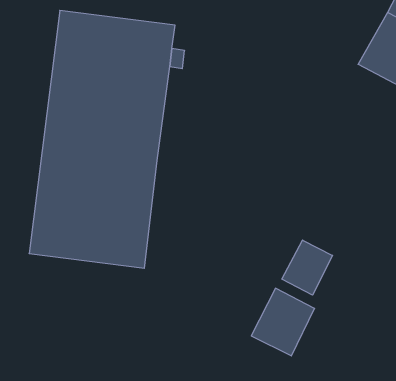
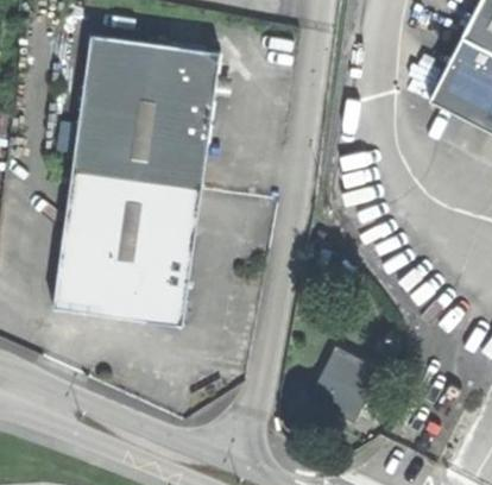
building: [282,240,333,295] -> none

